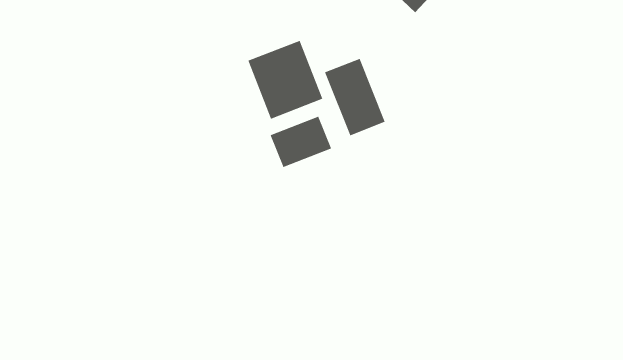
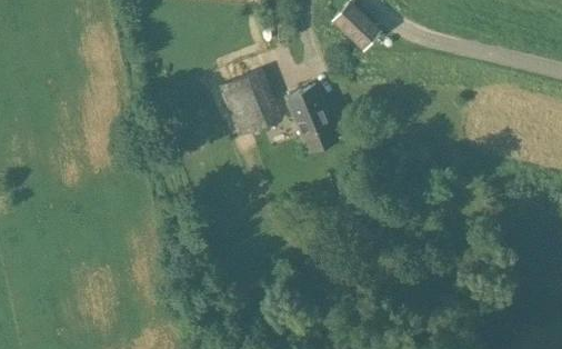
building: [270,116,332,168] -> none

